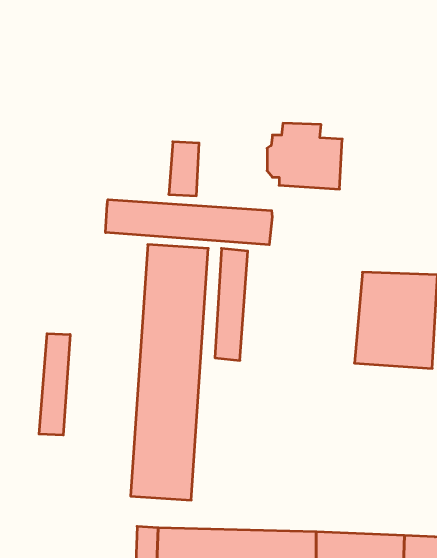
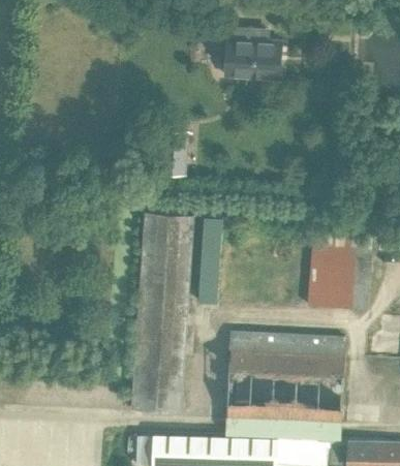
building: [267,123,342,189] -> [222,29,281,81]
building: [106,200,272,245] -> none
building: [39,334,70,435] -> none
building: none -> [226,333,343,425]

